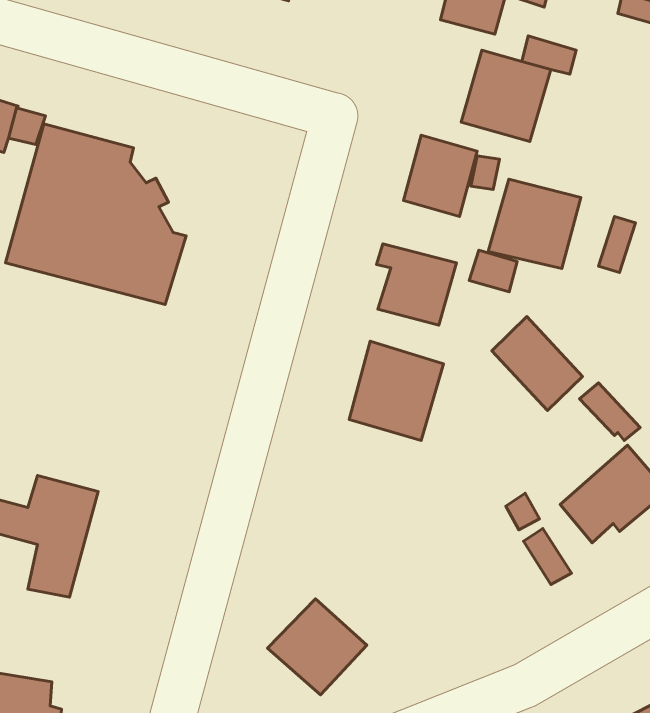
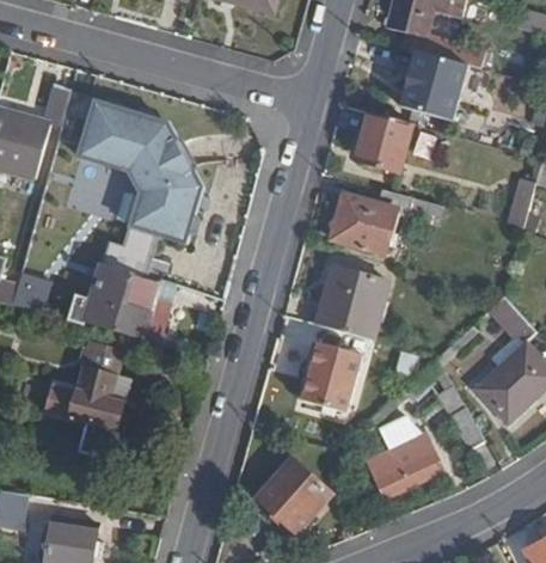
building: [488,179,581,269] -> none
building: none -> [68,245,173,345]
building: [492,317,582,411] -> none
building: none -> [302,338,362,409]
building: none -> [368,441,441,497]

